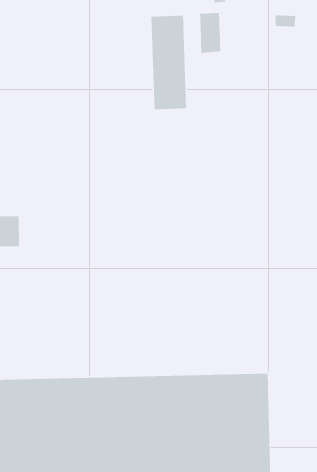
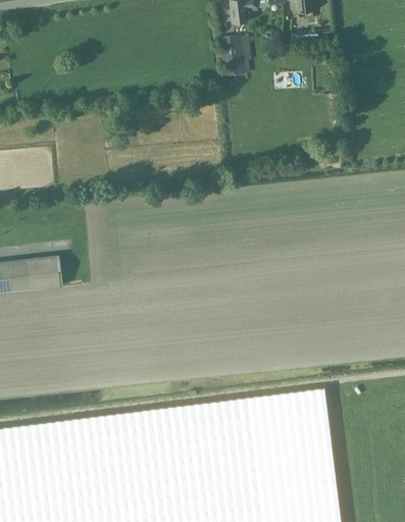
building: [151,15,187,110] -> none

